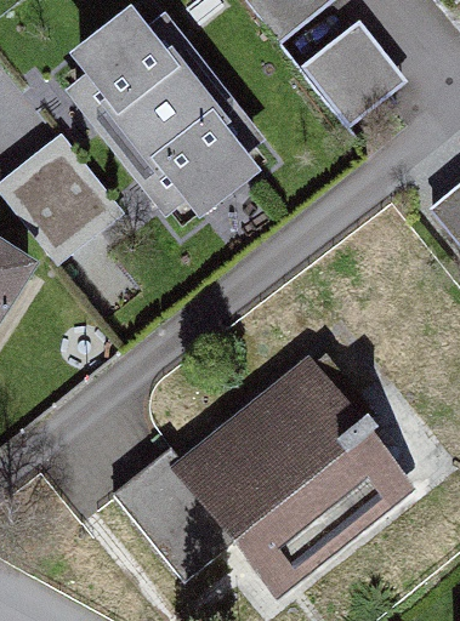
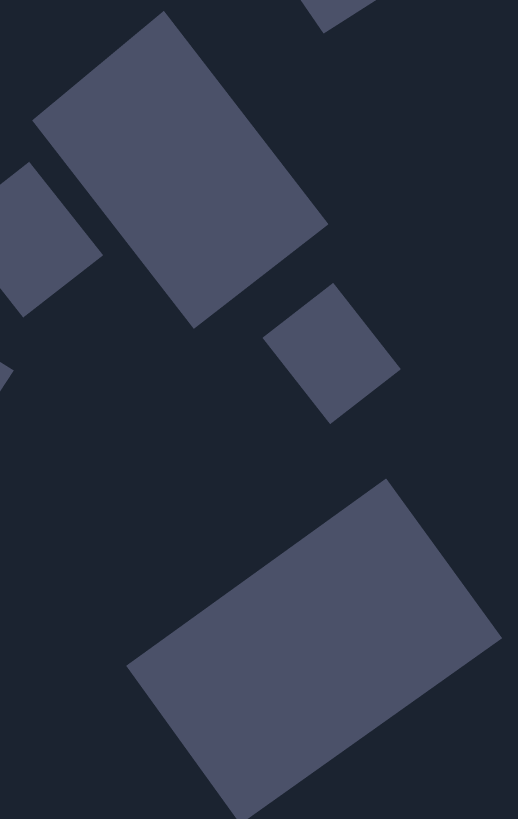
building: [301,10,404,114] -> none
building: none -> [261,282,402,425]

